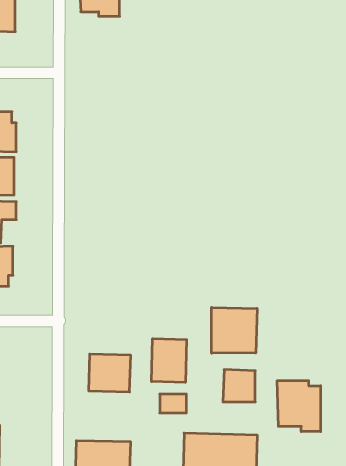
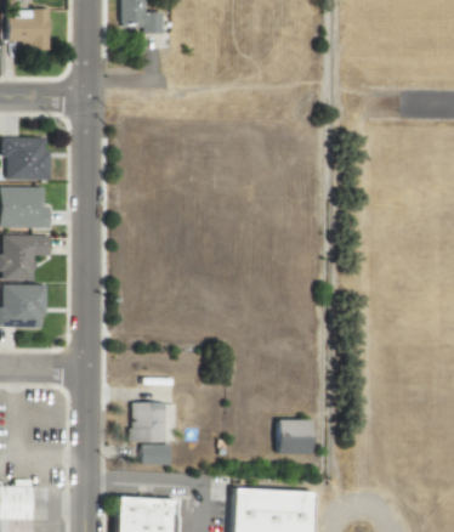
building: [212,307,257,353] -> none
building: [152,339,187,382] -> none
building: [277,381,321,432] -> none
building: [160,394,186,413] -> [141,445,170,465]

